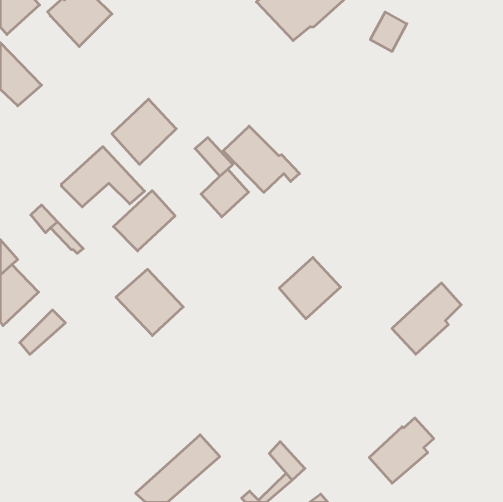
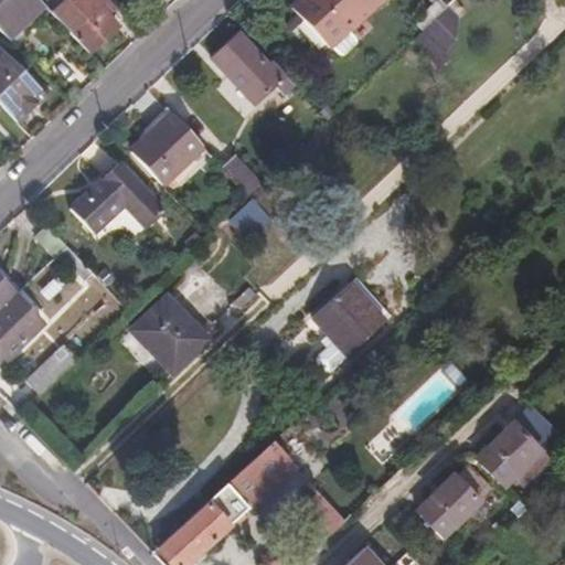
building: [223,126,300,192] -> [210,30,295,104]
building: [113,191,175,251] -> none
building: [392,283,461,354] -> [472,407,550,487]
building: none -> [226,444,294,509]

